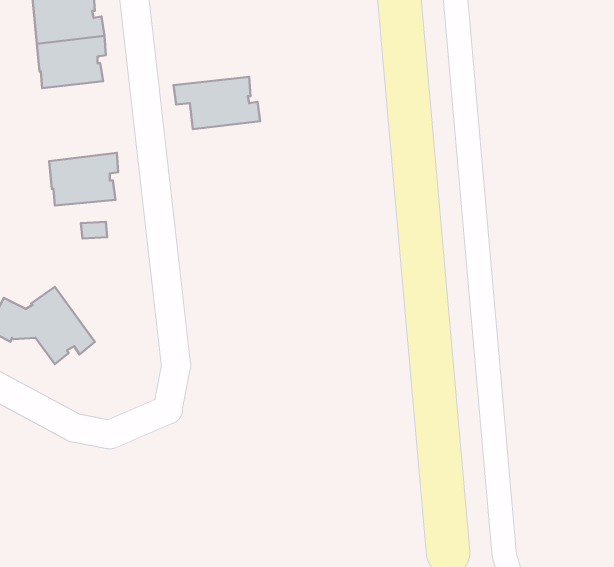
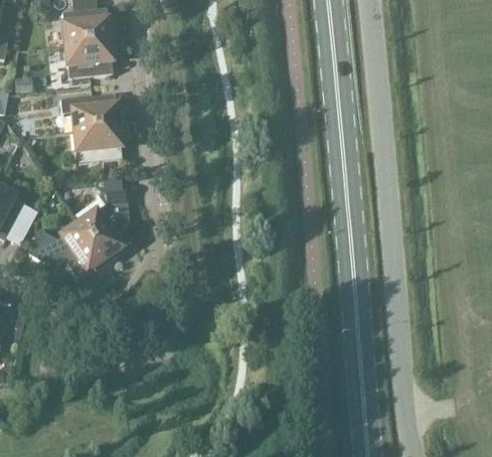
building: [173,77,260,129] -> [59,92,123,130]
building: none -> [77,188,131,262]

